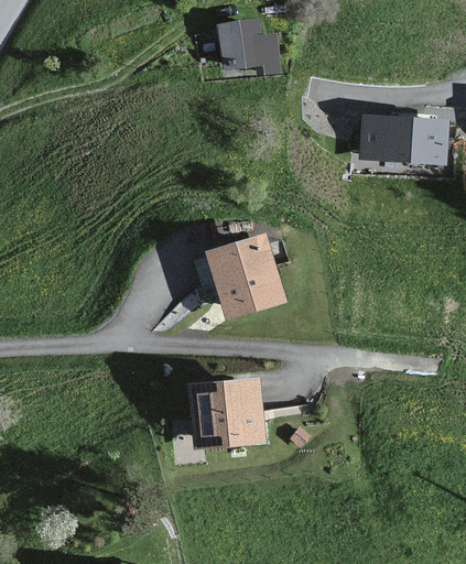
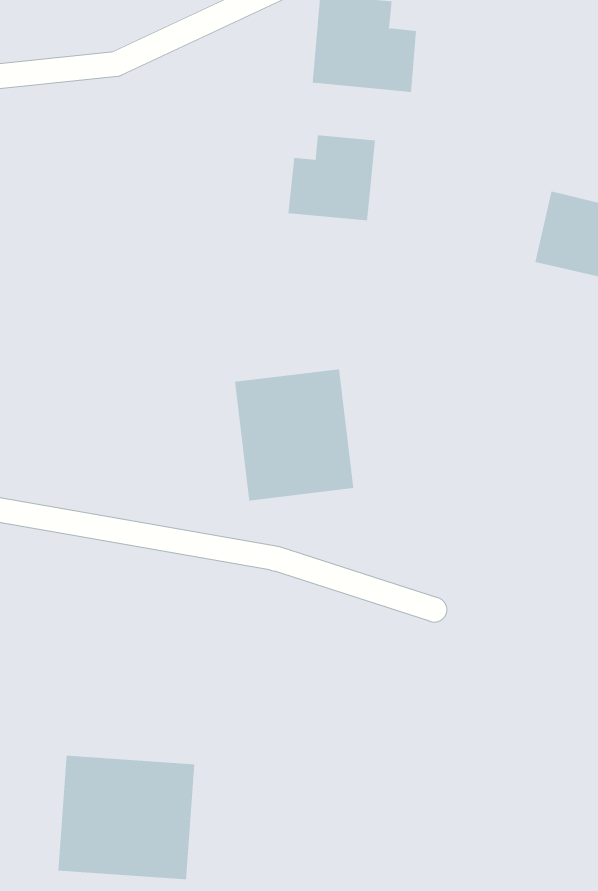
building: none -> [288,134,376,221]
building: [186,376,267,449] -> [57,755,195,880]

